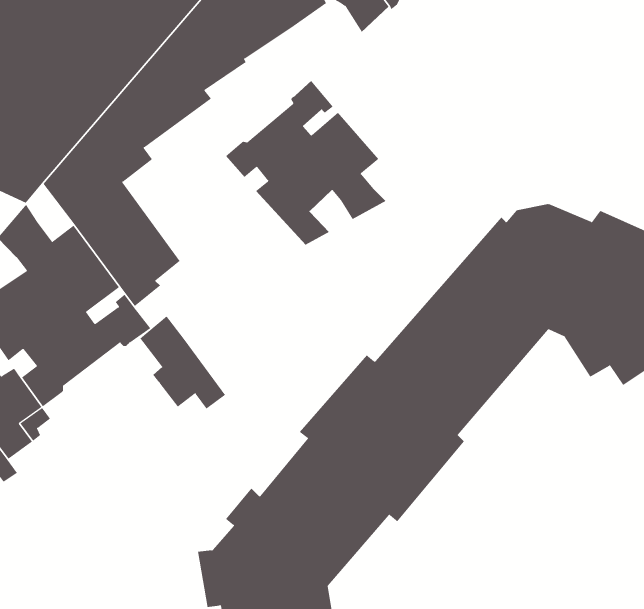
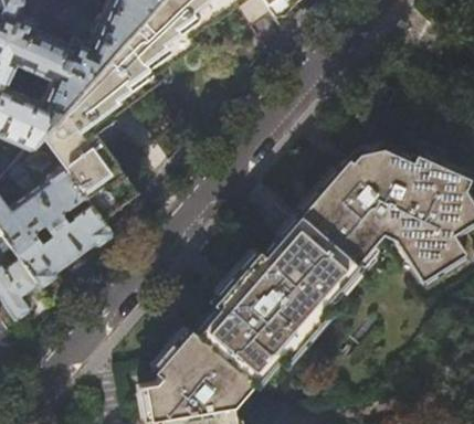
building: [225,80,387,246] -> none
building: [140,315,226,409] -> none

